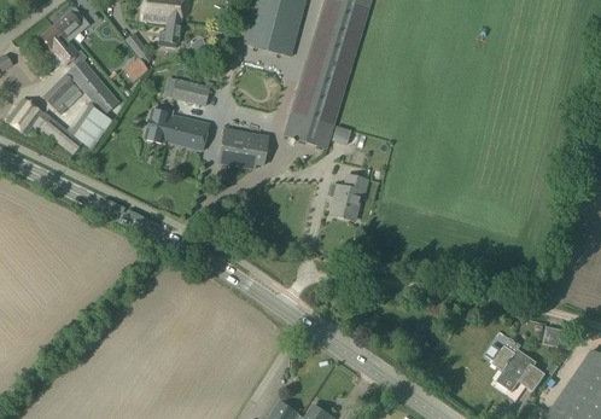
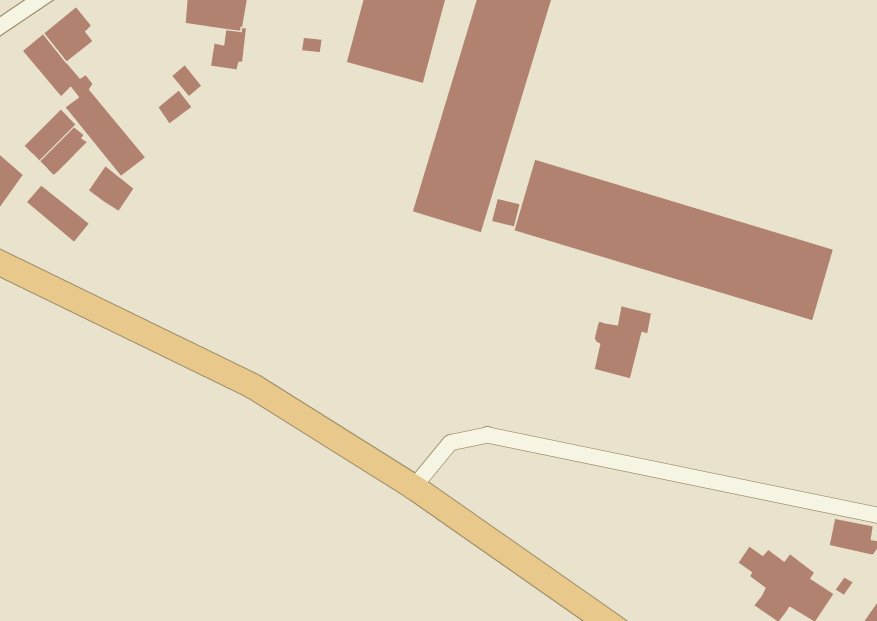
building: [173,78,210,105] -> none
building: none -> [513,159,834,321]
building: [144,106,209,150] -> none
building: [217,127,268,169] -> none
building: [331,174,367,220] -> [594,305,652,379]

